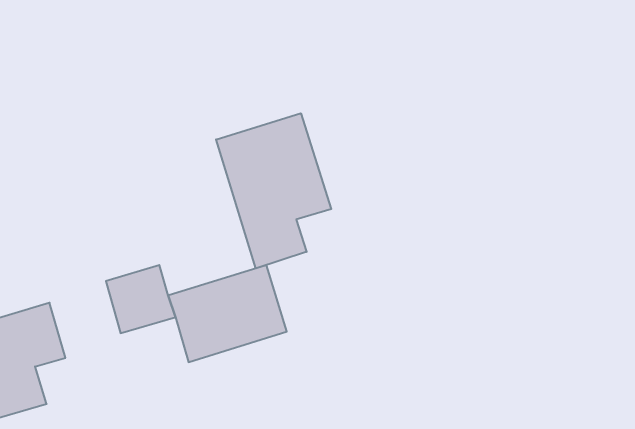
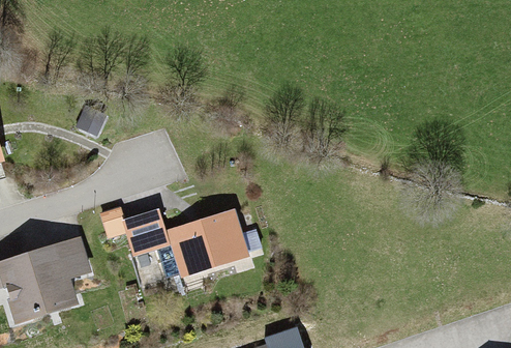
building: [216,113,331,268] -> none

